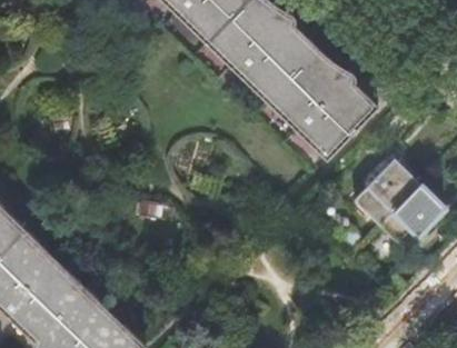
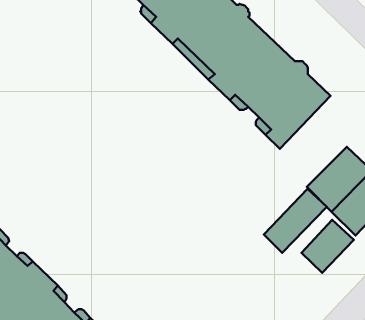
building: none -> [264,189,327,253]
building: none -> [302,220,354,273]

